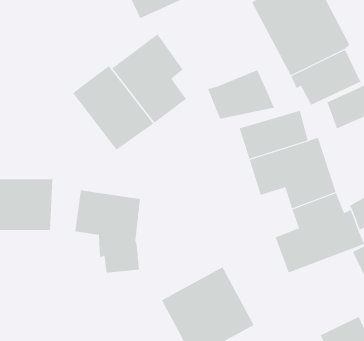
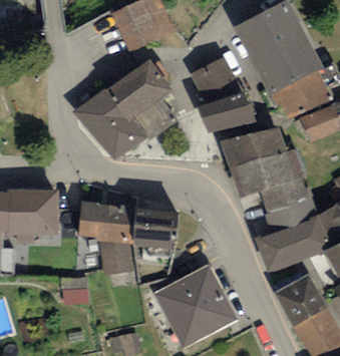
building: none -> [190,56,243,105]
building: none -> [131,206,179,250]
building: none -> [273,273,330,327]

